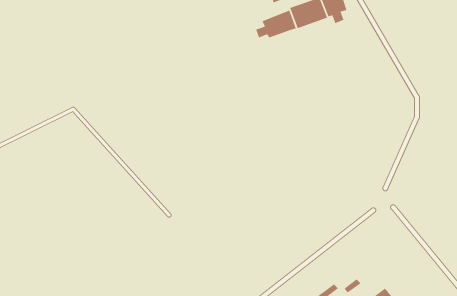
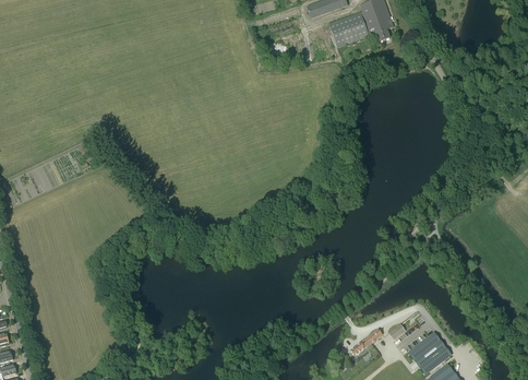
building: [255,10,297,39] -> none

